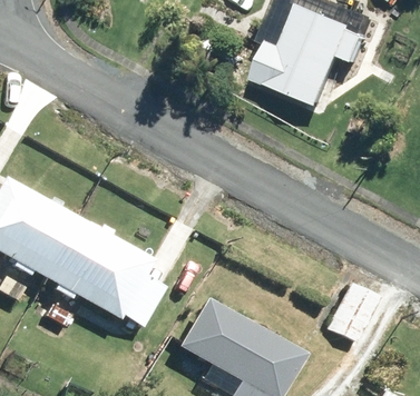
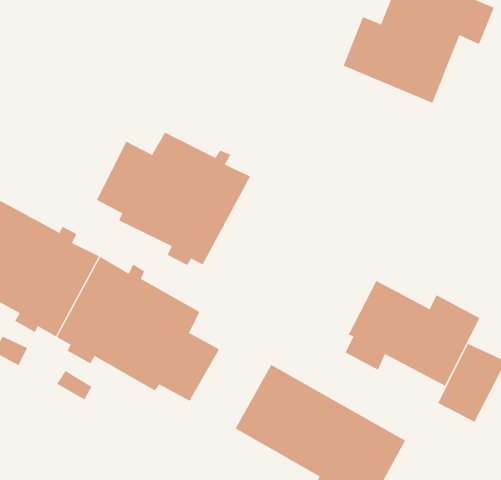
building: none -> [96,132,251,266]
building: none -> [345,280,480,387]

